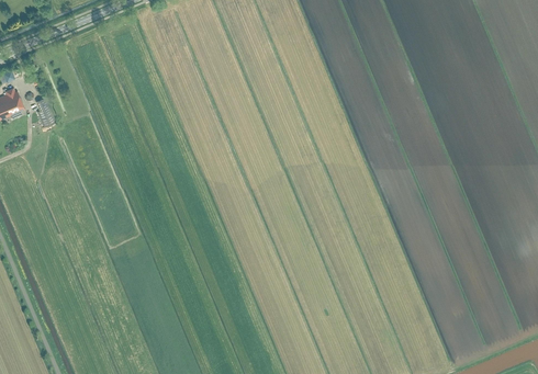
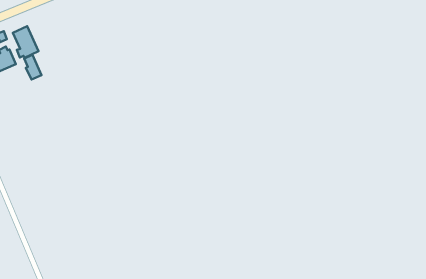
building: none -> [13,26,39,58]

